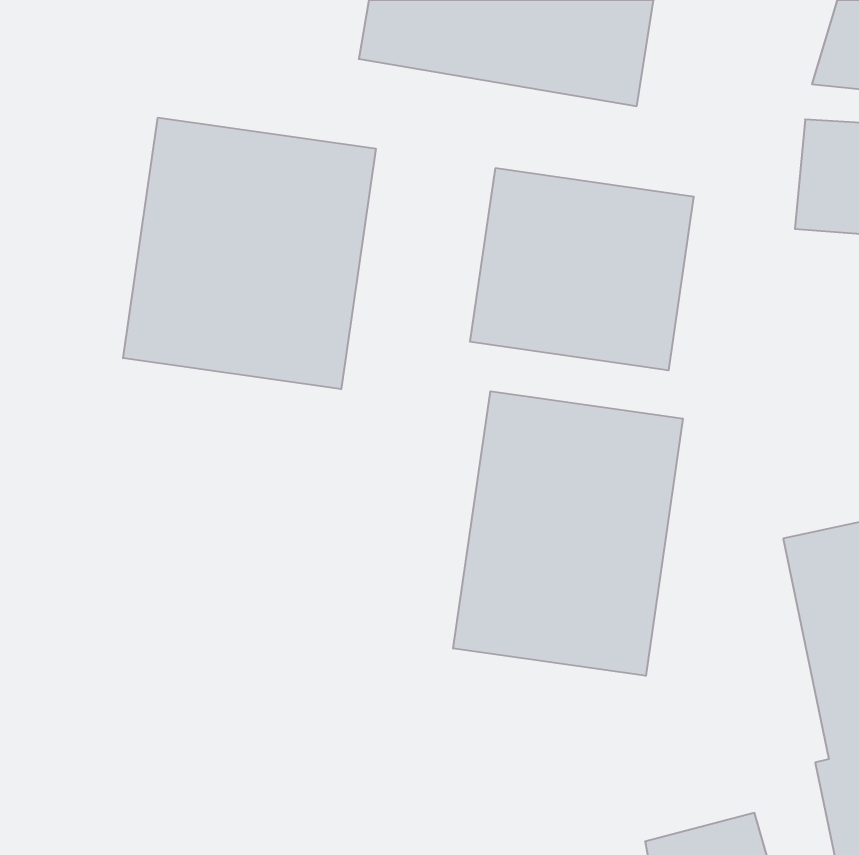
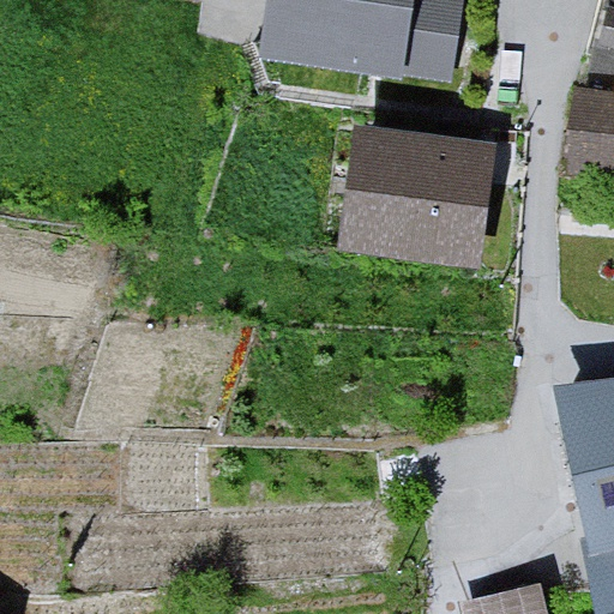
building: [123,118,376,389] -> none
building: [453,391,683,676] -> none

